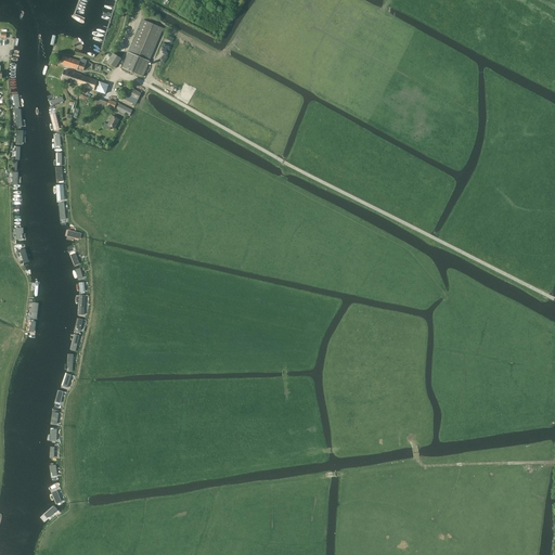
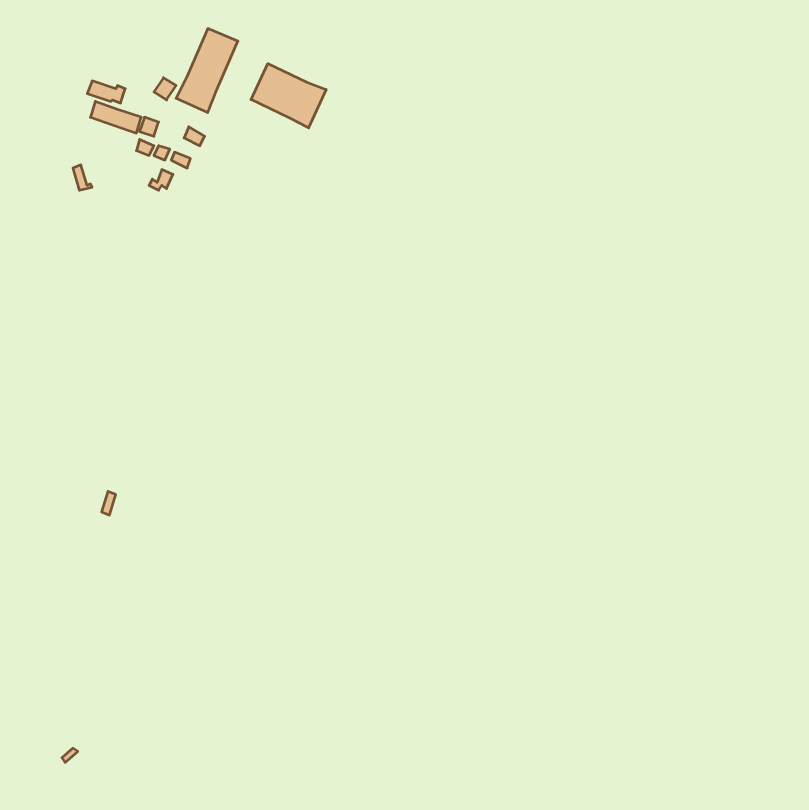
building: none -> [251,64,326,128]

